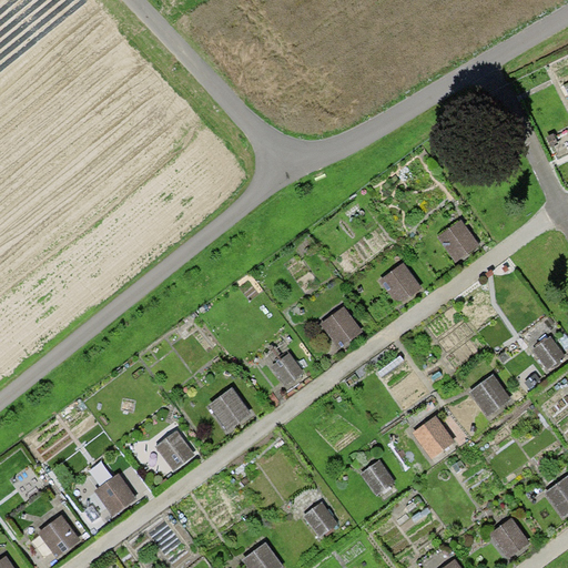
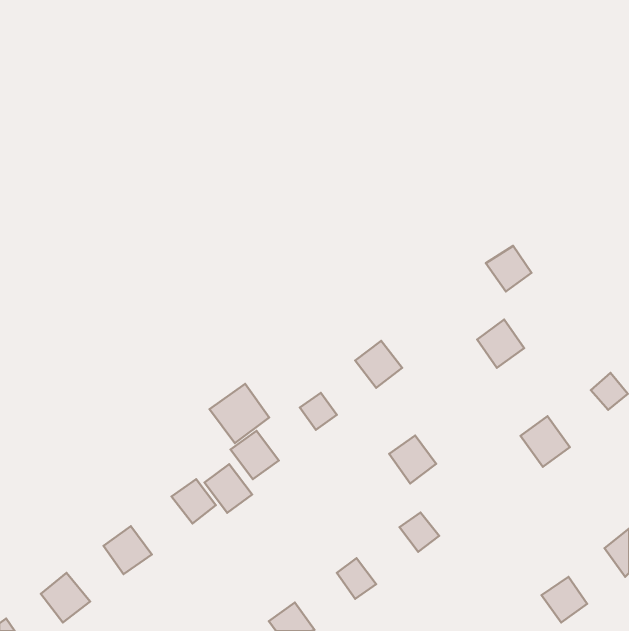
building: [378,262,420,305] -> [477,320,524,368]
building: none -> [209,384,269,443]
building: [412,416,454,459] -> [389,435,436,484]
building: none -> [204,464,252,513]

